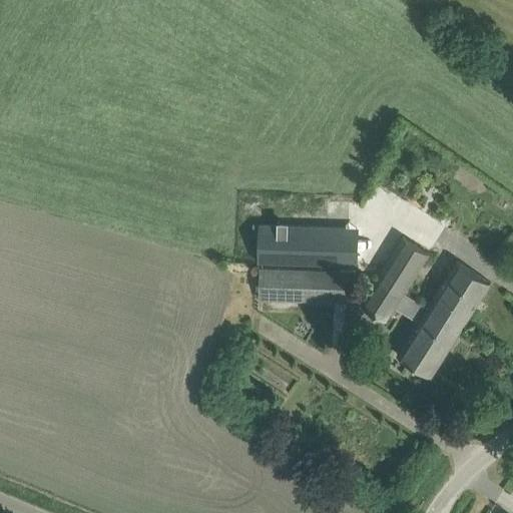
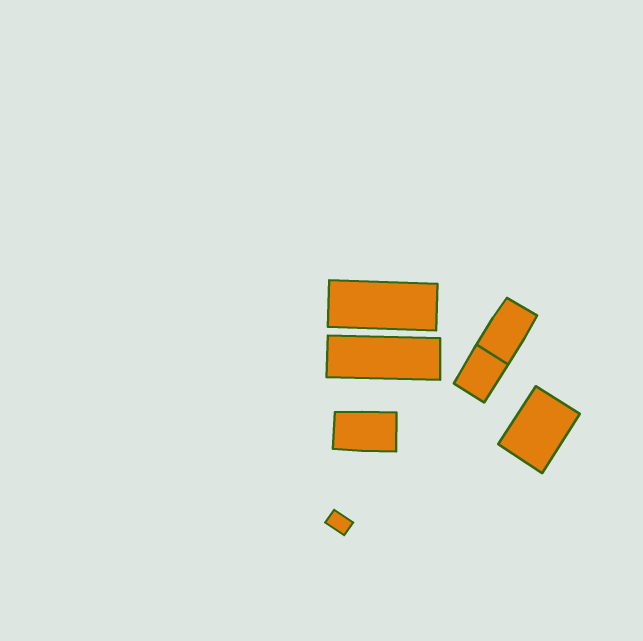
building: [427,263,492,332] -> none
building: none -> [333,412,396,452]

